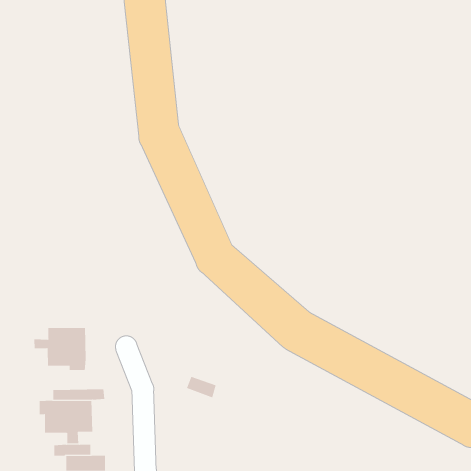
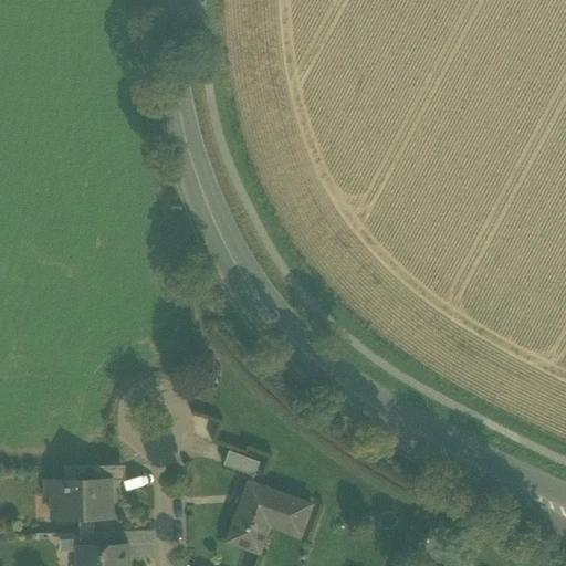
building: [34,327,86,371] -> none
building: none -> [227,482,312,554]

